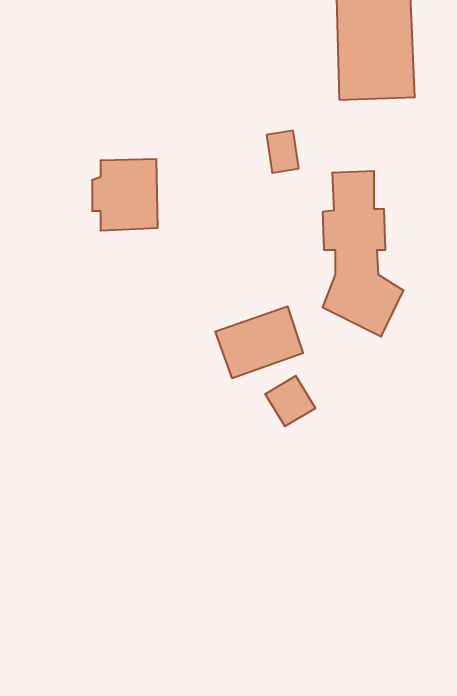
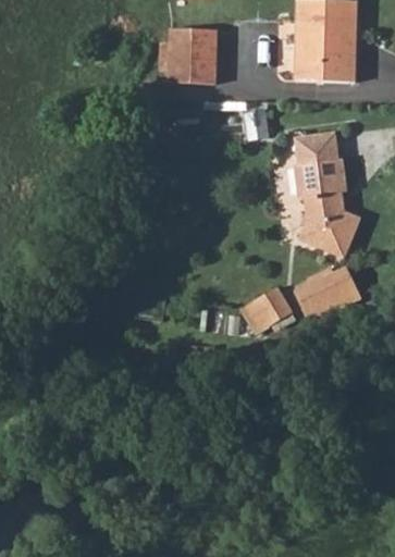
building: [92,159,158,231] -> [169,35,220,90]
building: [215,307,303,378] -> [295,259,363,314]

